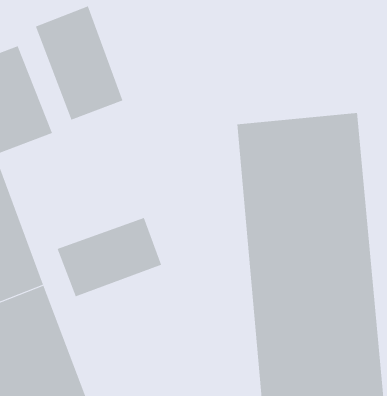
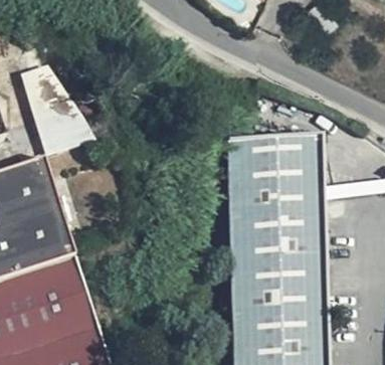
building: [35,6,123,121] -> none
building: [57,217,162,297] -> none

